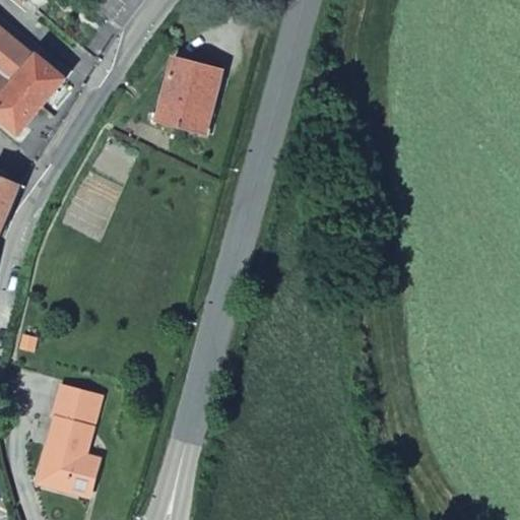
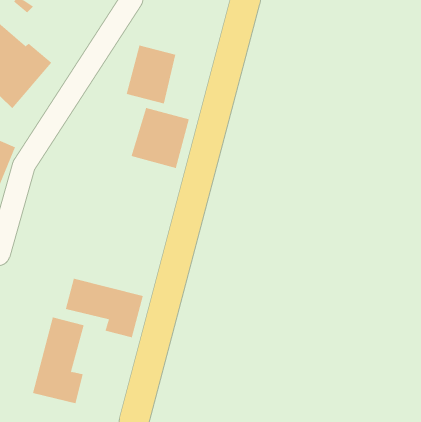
building: none -> [131,107,189,169]
building: none -> [65,278,144,338]

